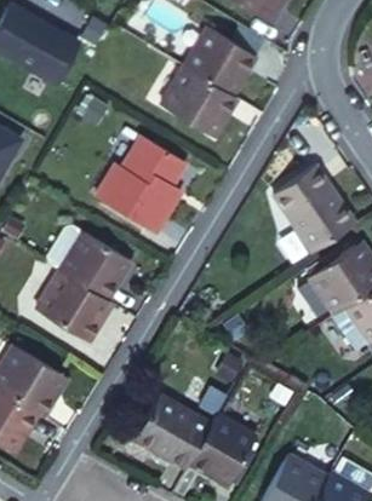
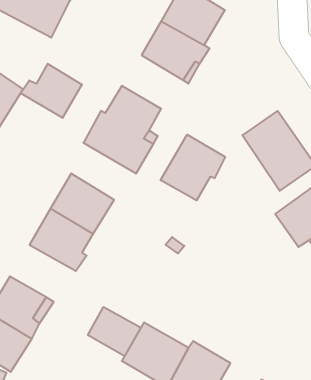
building: none -> [20,64,82,118]
building: none -> [161,135,225,200]
building: none -> [88,307,141,356]

